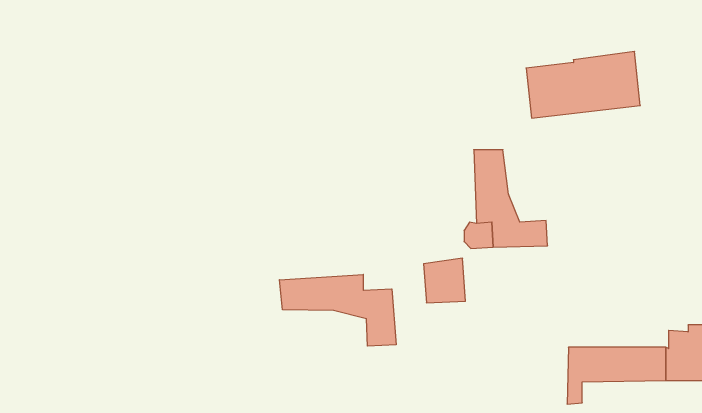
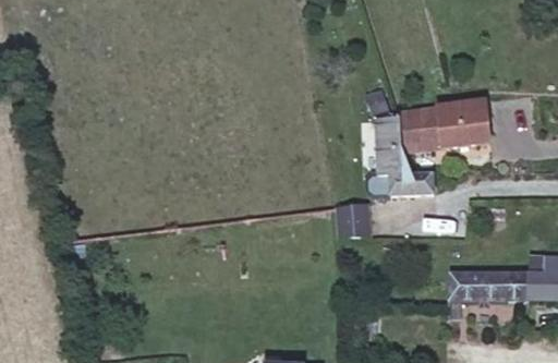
building: [526,51,640,118] -> [400,99,489,152]
building: [279,274,396,346] -> none

